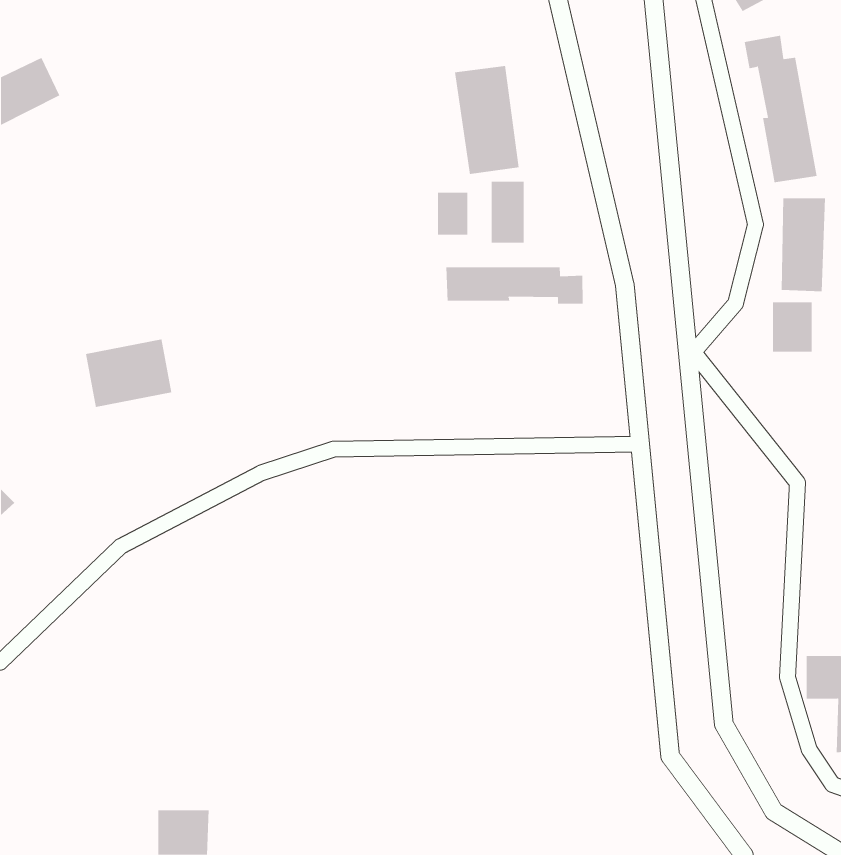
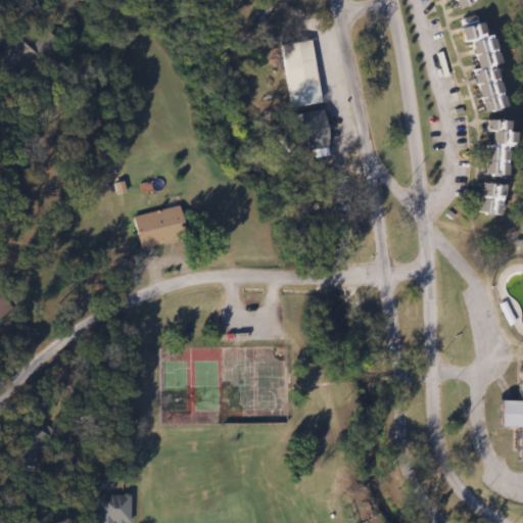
building: [437,192,468,236] -> none
building: [446,266,583,304] -> none
building: [85,339,172,407] -> [139,205,192,247]

